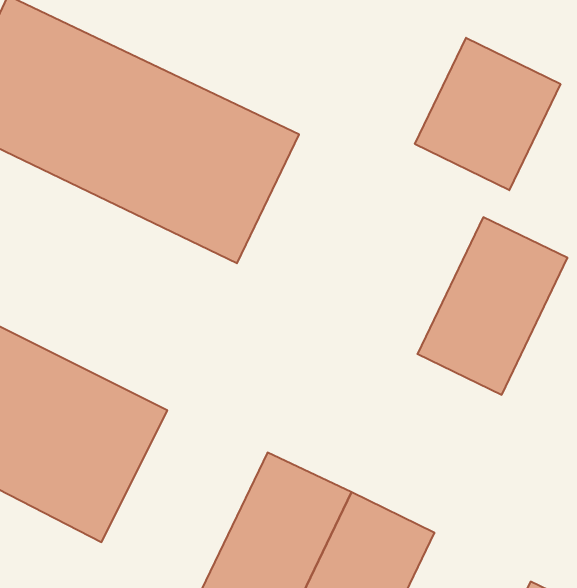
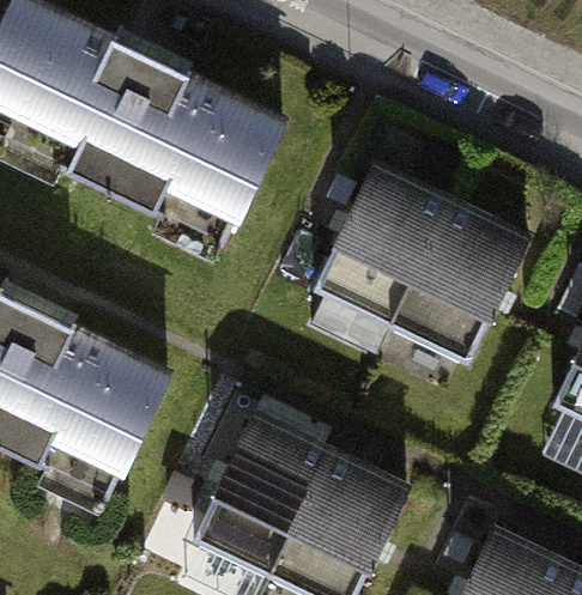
building: [415,38,560,190] -> none
building: none -> [315,164,451,324]

